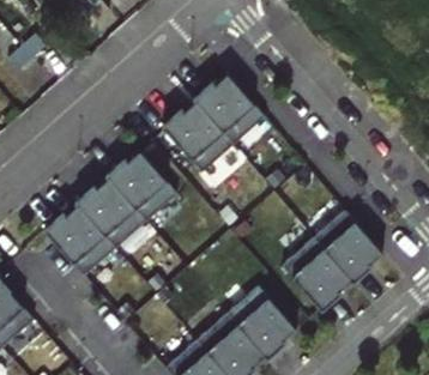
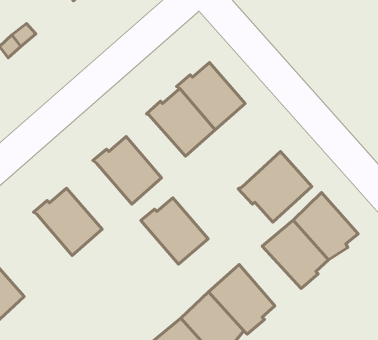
building: none -> [238,152,312,222]
building: [75,180,146,249] -> [141,198,208,264]

